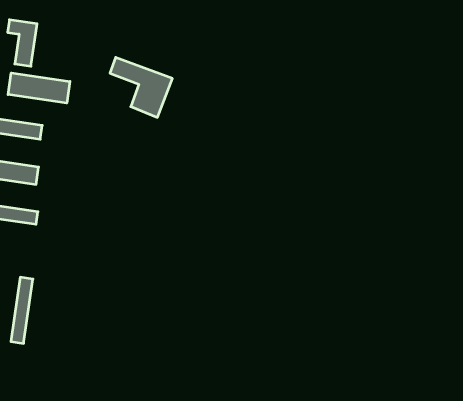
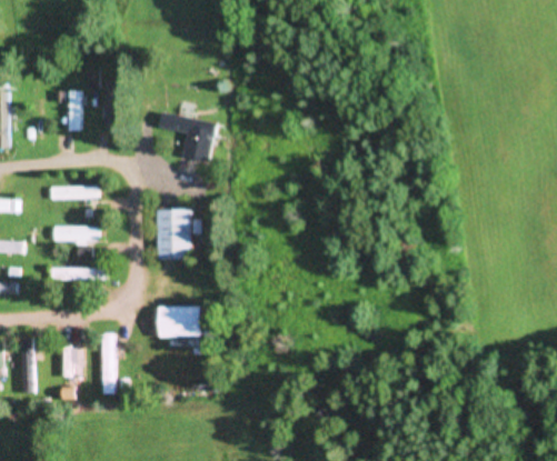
building: [8,73,70,103] -> none
building: none -> [159,209,192,259]
building: none -> [161,305,202,338]

